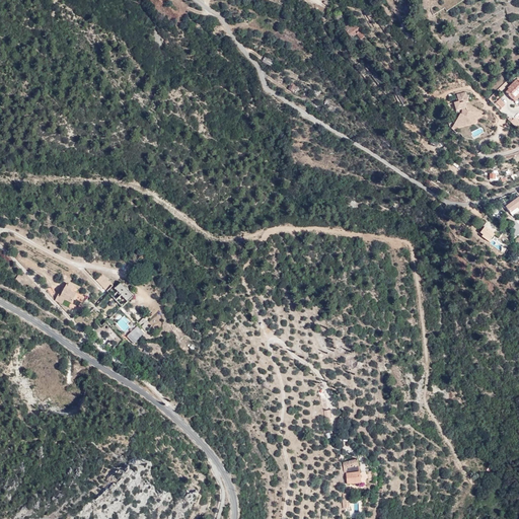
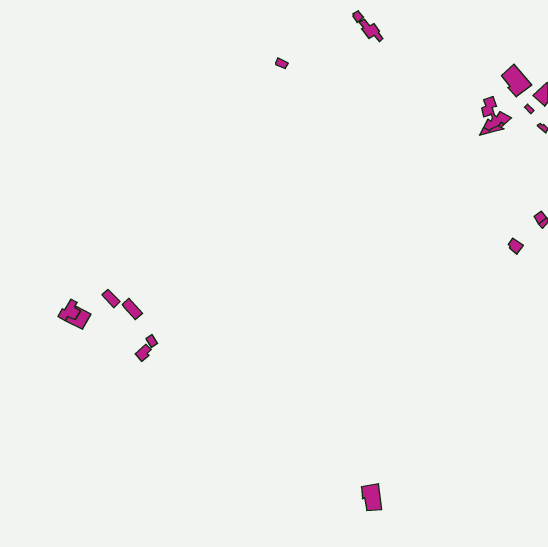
building: none -> [502,64,532,97]

